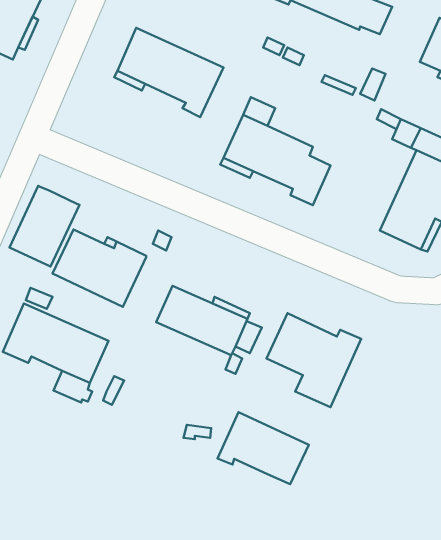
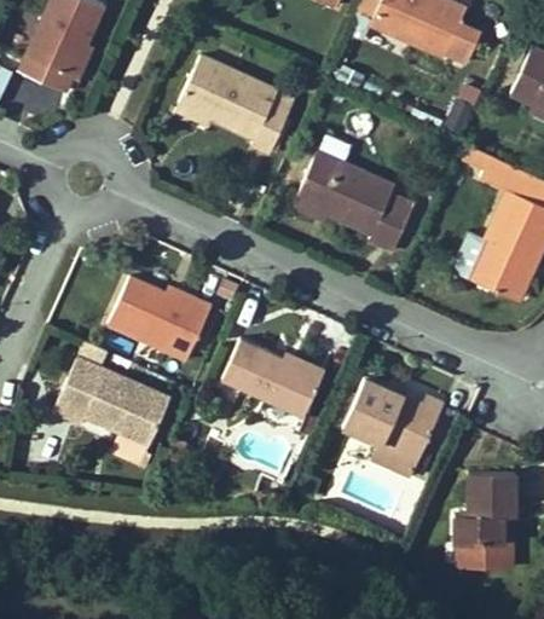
building: [9,186,79,266] -> none
building: none -> [453,473,515,567]
building: [218,412,309,484] -> none

